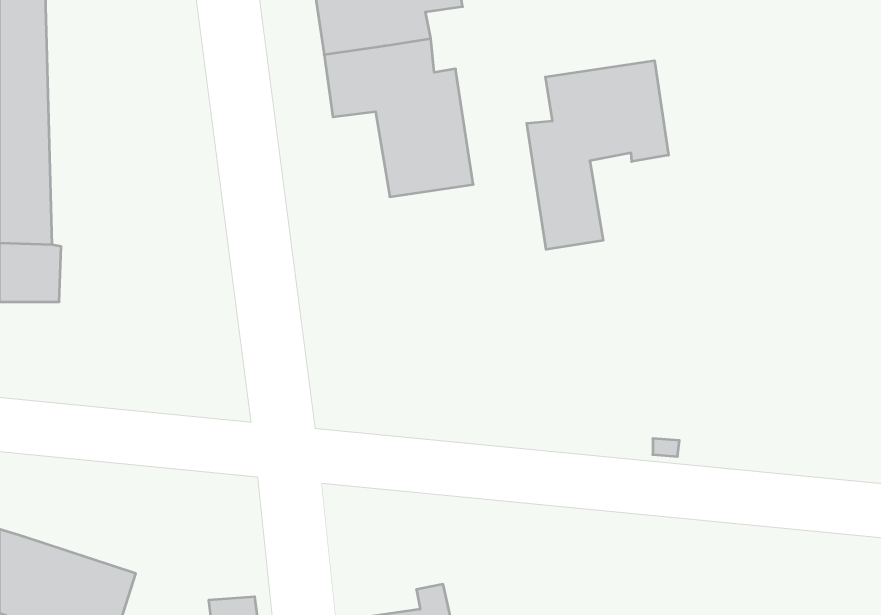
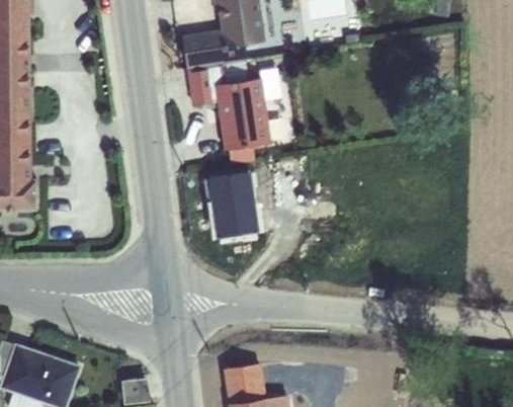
building: [527,61,668,249] -> none
building: none -> [207,165,254,236]

